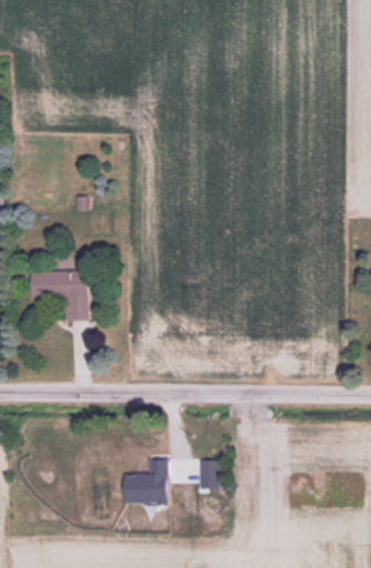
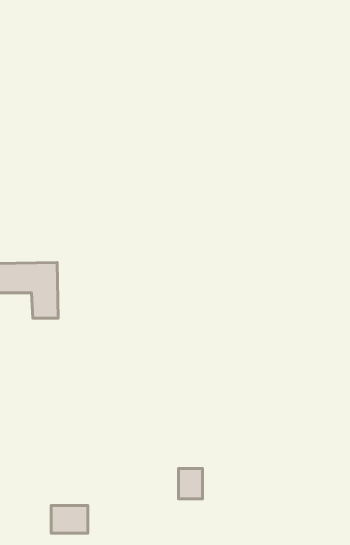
building: [132,473,166,498] -> [51,505,88,533]

